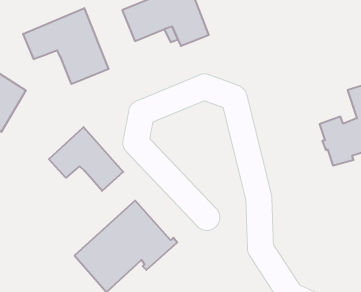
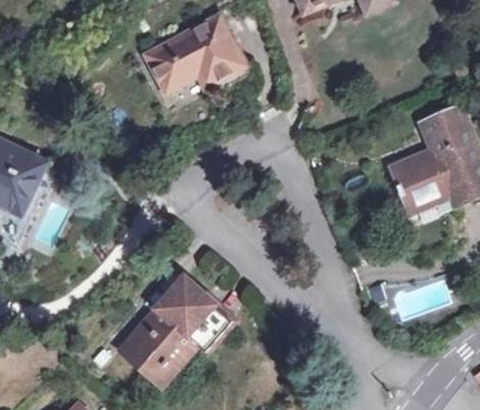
building: [23,8,109,84] -> none
building: [49,127,123,191] -> none

